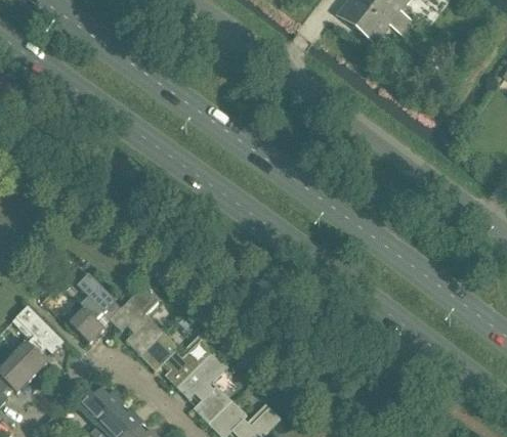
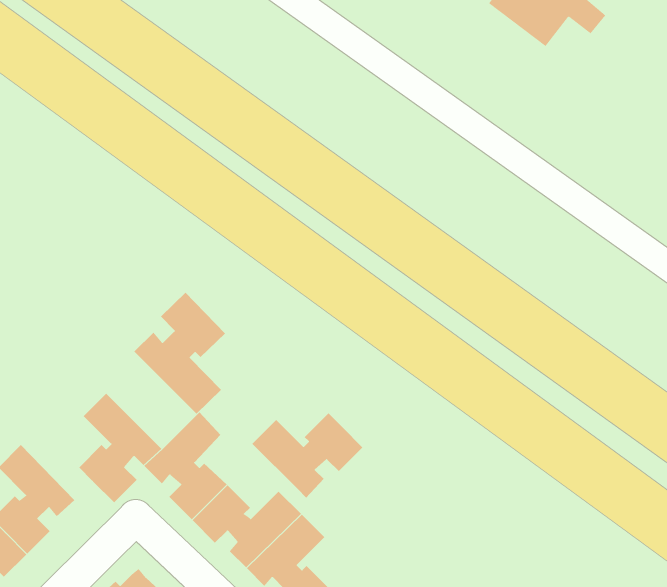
building: none -> [133,292,226,414]
building: none -> [252,412,363,498]

